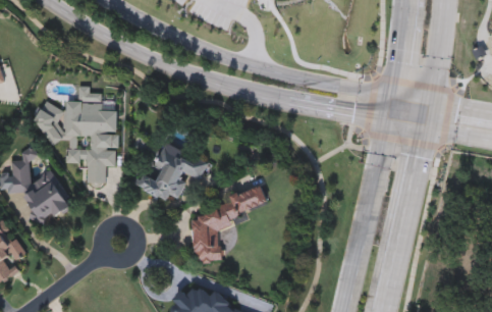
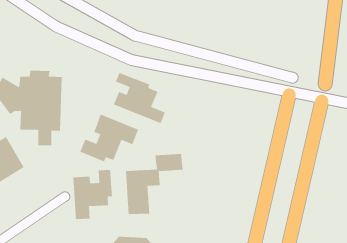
building: none -> [113,72,166,124]
building: none -> [73,169,112,220]

